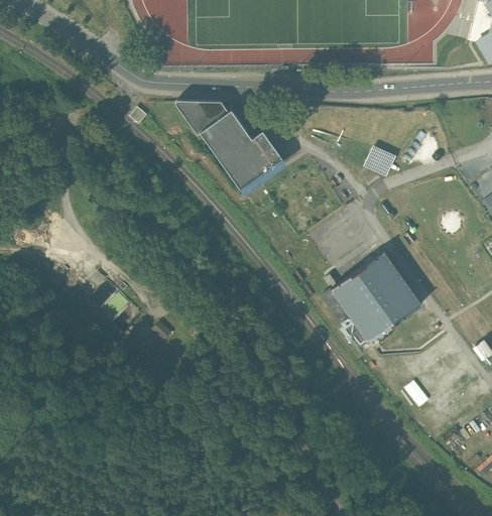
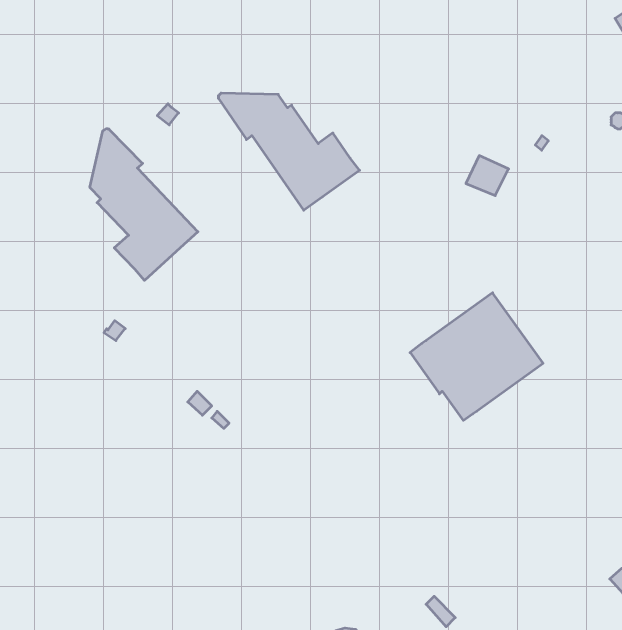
building: none -> [90,129,198,280]

